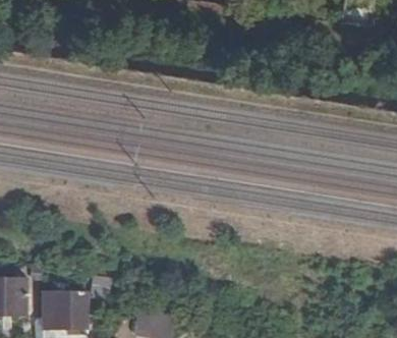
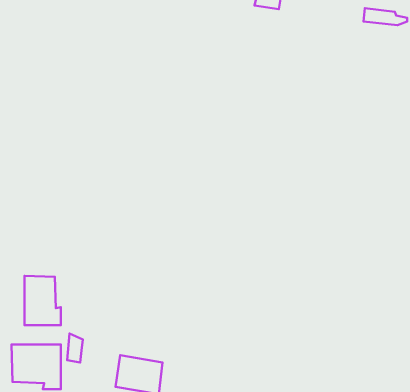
building: none -> [24,276,61,325]

